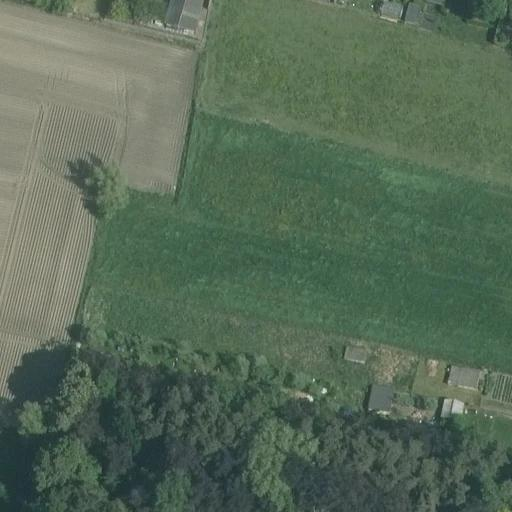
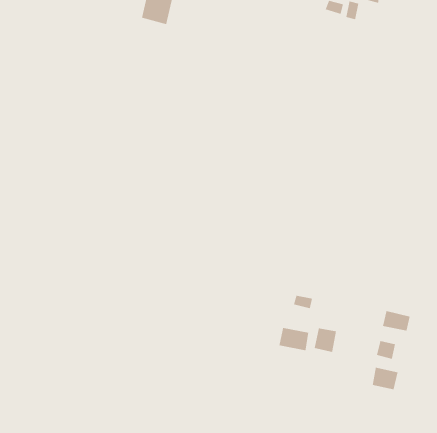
building: none -> [279,327,309,351]
building: none -> [372,367,398,390]

